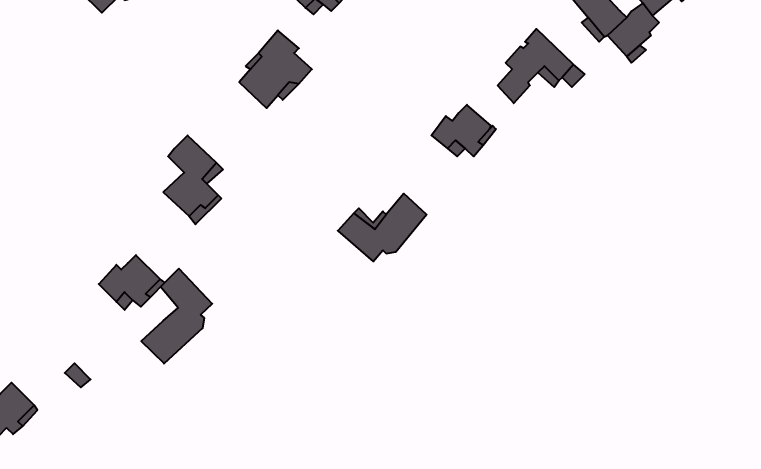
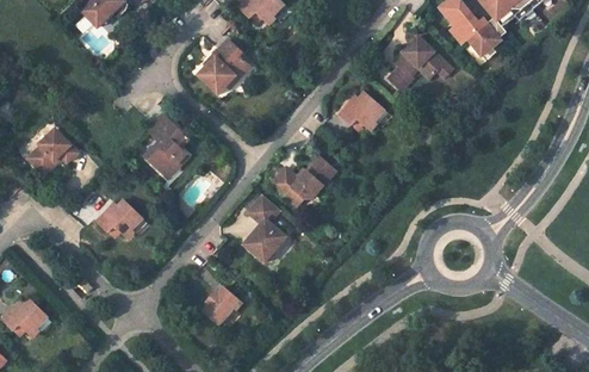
building: none -> [26,128,75,172]
building: none -> [243,194,287,264]
building: [141,269,212,364] -> none
building: none -> [204,289,243,328]

